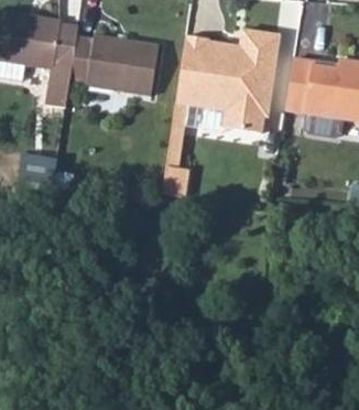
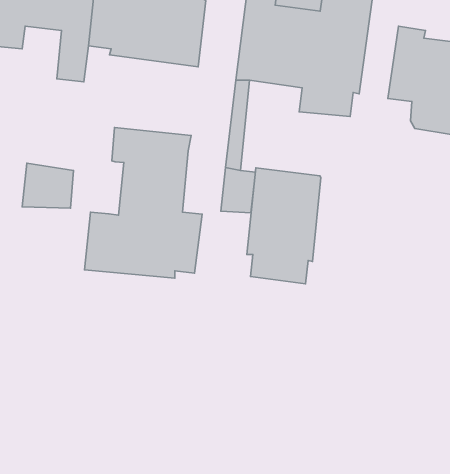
building: none -> [84,128,202,278]
building: none -> [247,168,321,284]

